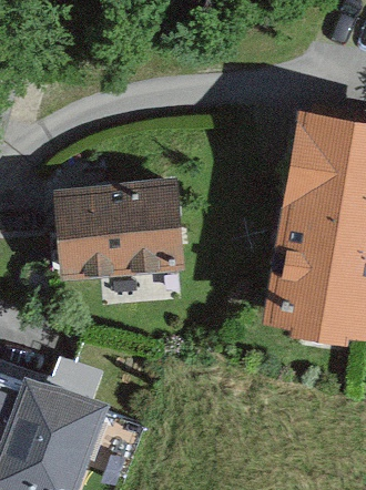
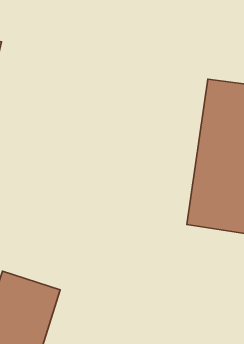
building: [54,185,175,268] -> none

